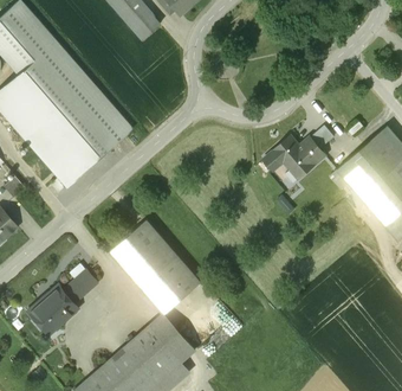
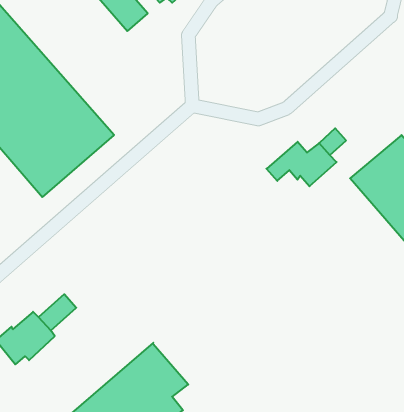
building: [111,220,201,314] -> none

